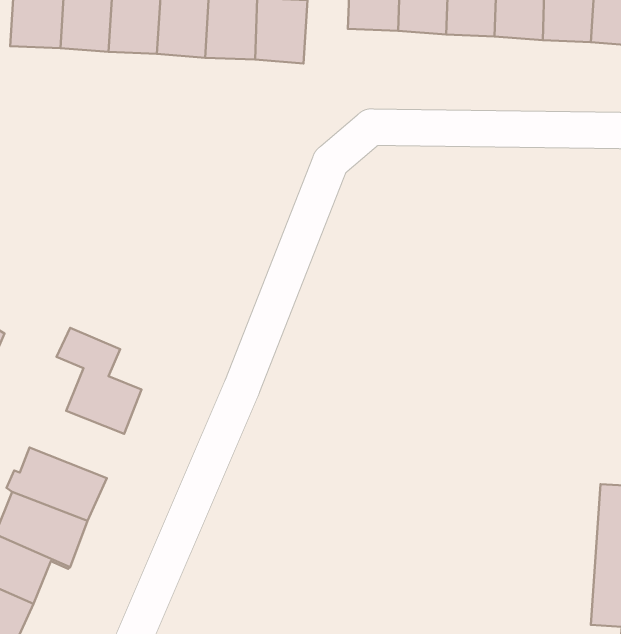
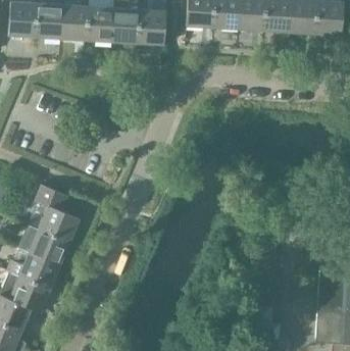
building: none -> [18,224,73,264]

